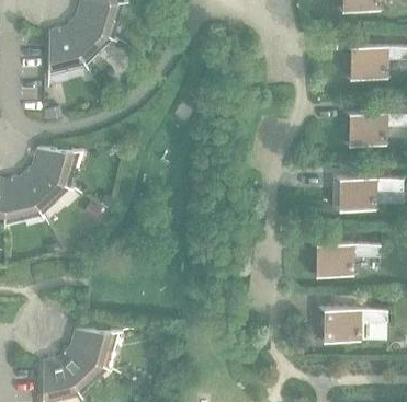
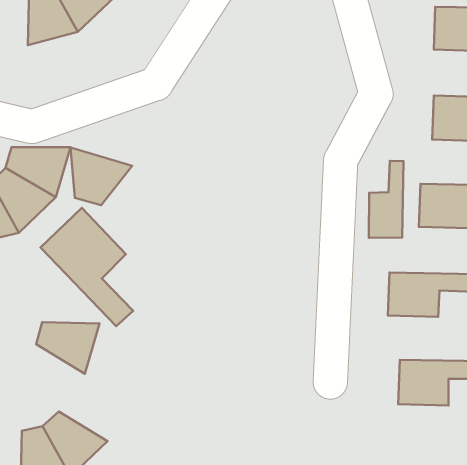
building: none -> [70,148,132,205]
building: none -> [369,161,403,238]
building: none -> [41,208,133,326]
building: [70,330,117,368] -> [36,322,100,374]

